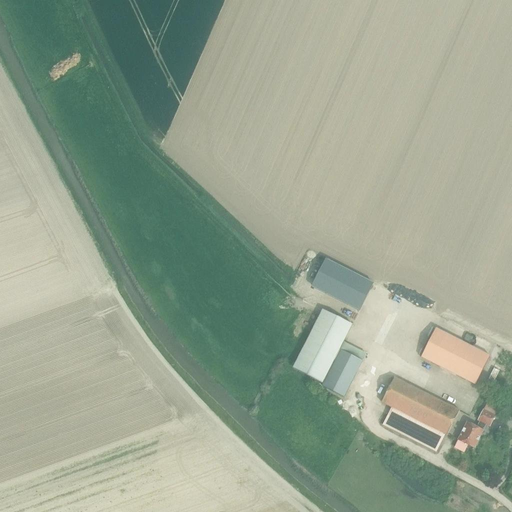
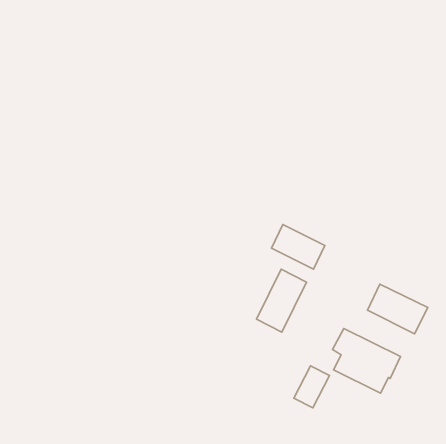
building: [321,347,362,395] -> [294,366,330,408]
building: [458,407,495,446] -> none

